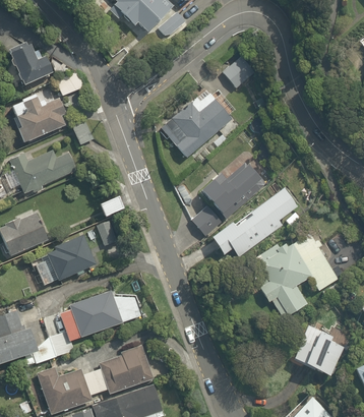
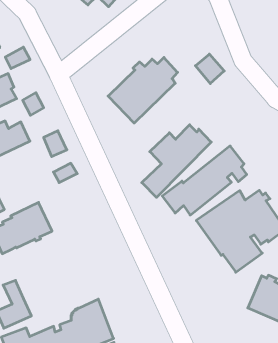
building: [221,57,250,87] -> [195,54,224,84]
building: [97,220,120,246] -> [44,131,67,157]
building: [60,290,139,341] -> none

